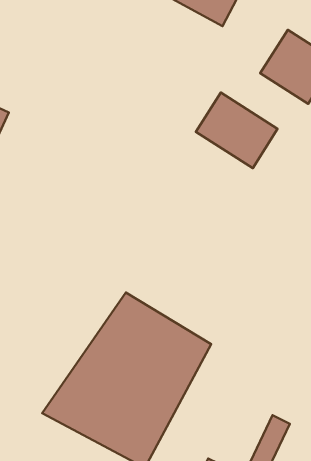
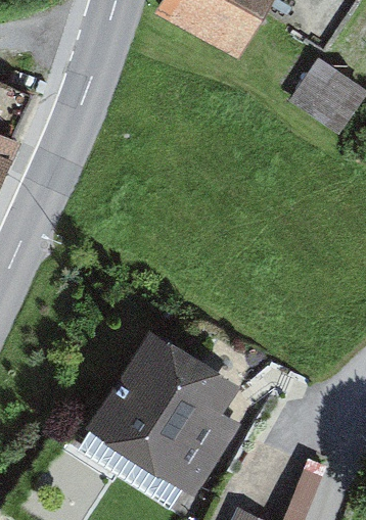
building: [196,92,278,168] -> none

